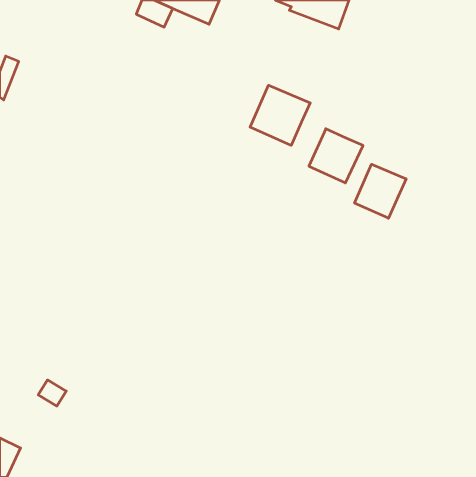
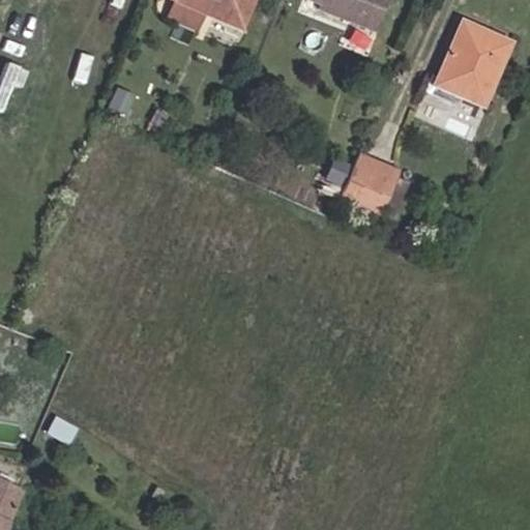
building: none -> [442,8,514,95]
building: [250,85,310,145] -> none
building: [355,164,406,218] -> none

